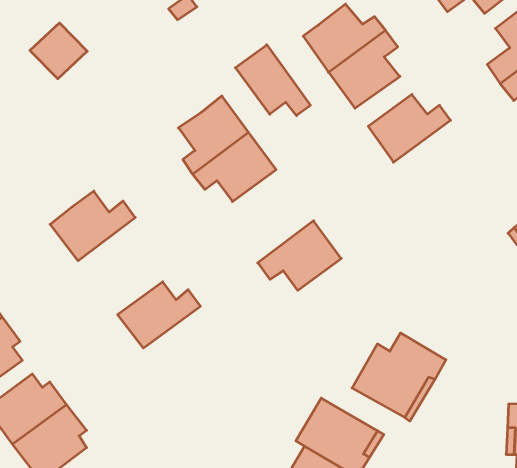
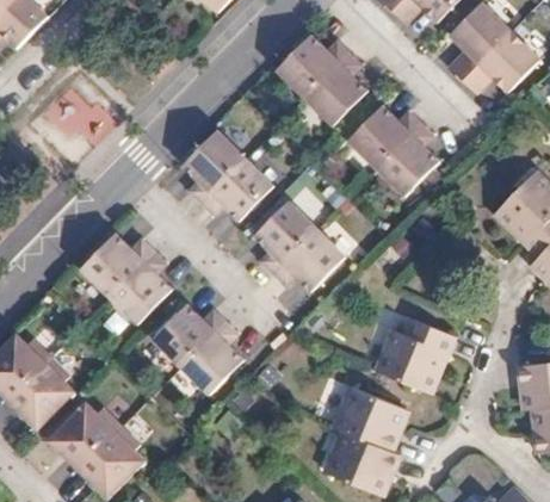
building: [235,45,310,116] -> none
building: none -> [379,120,445,196]
building: none -> [254,202,316,274]
building: none -> [111,250,174,326]
building: none -> [181,321,246,395]

